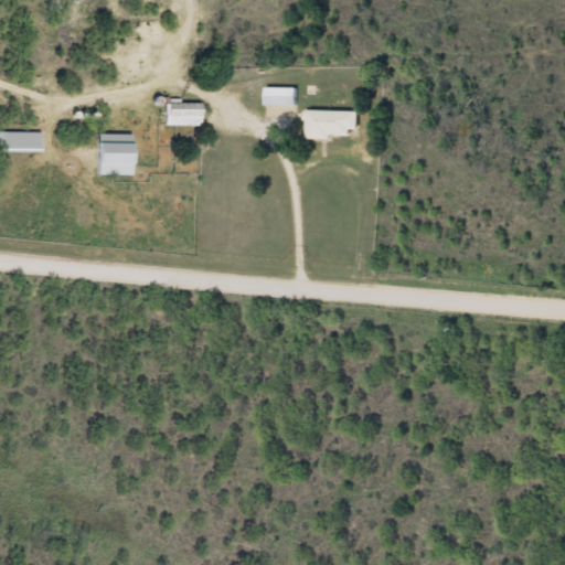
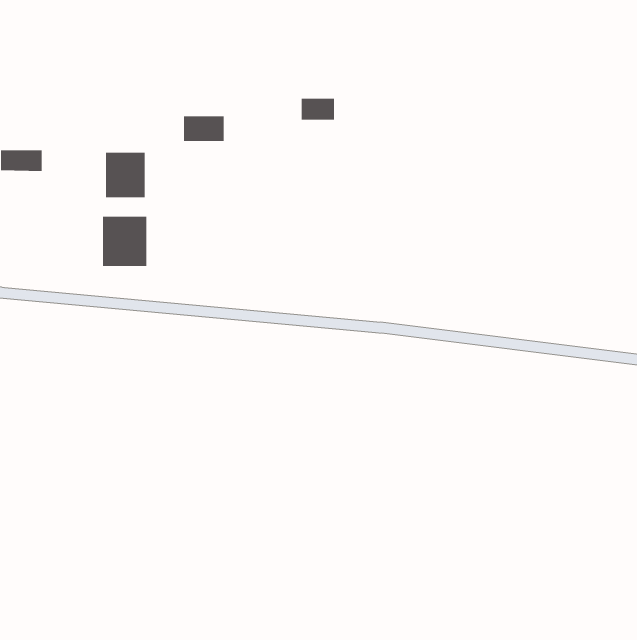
building: [308,109,361,137] -> none
building: none -> [102,216,147,267]

